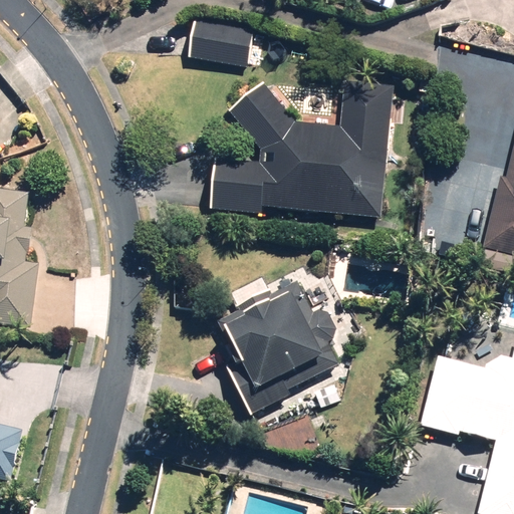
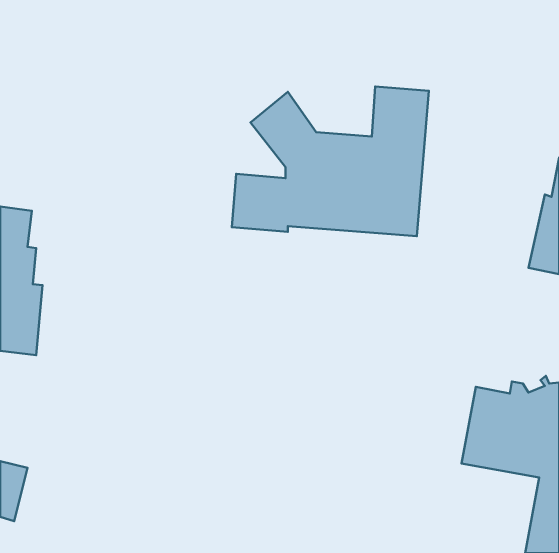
building: [191,27,254,64] -> none
building: [220,279,337,415] -> none

